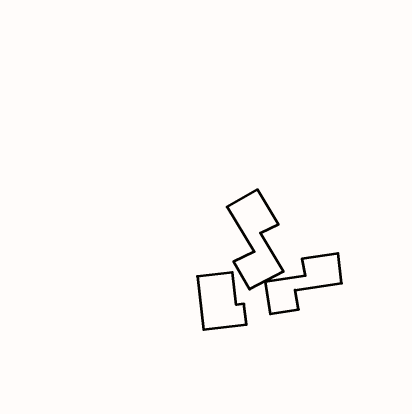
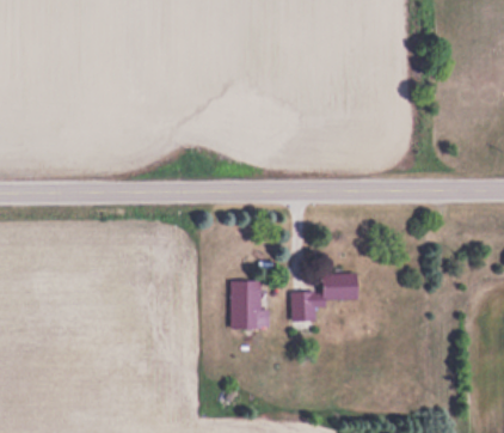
building: [227,190,283,289] -> none

